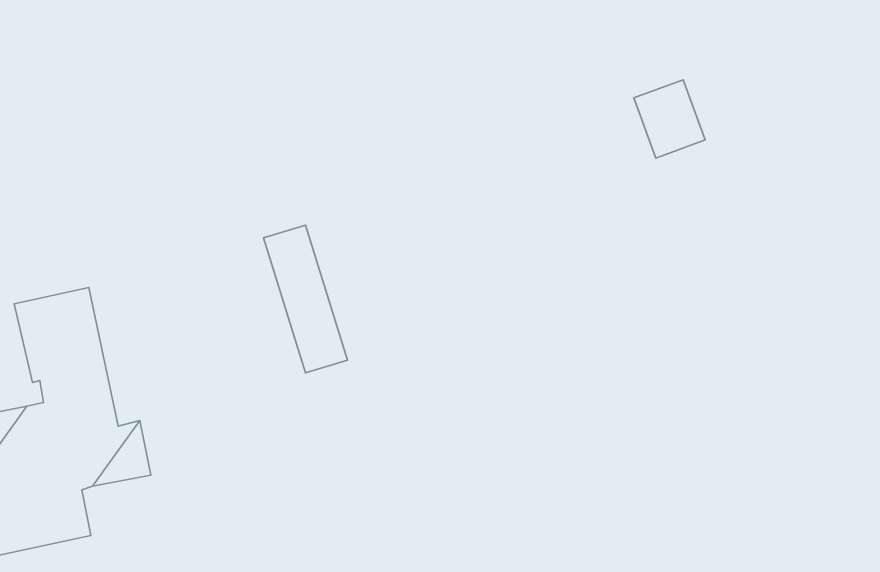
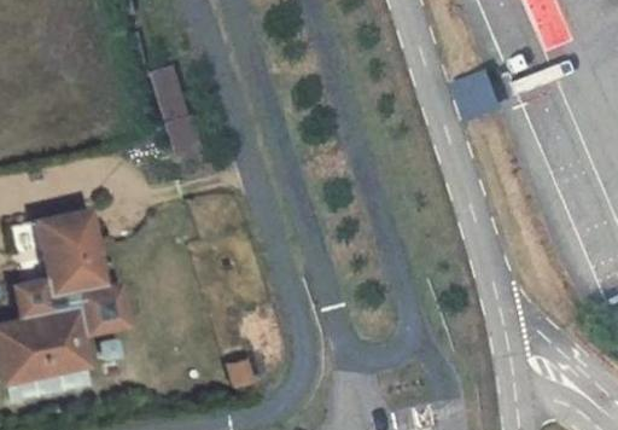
building: [264,225,347,373] -> [145,63,200,161]

